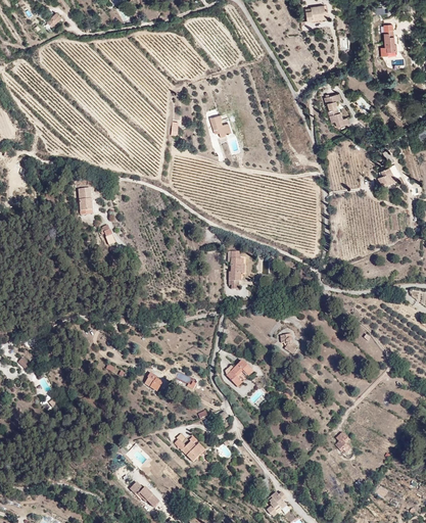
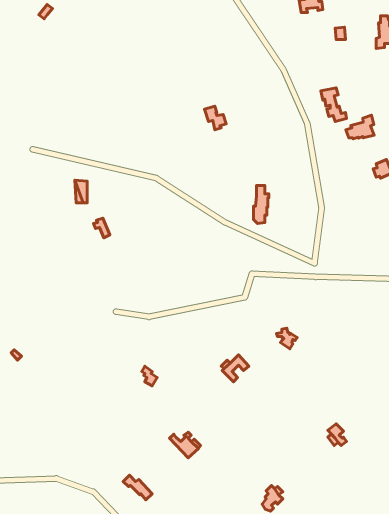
building: none -> [346,115,374,139]
building: [227,251,242,289] -> [253,185,269,224]

